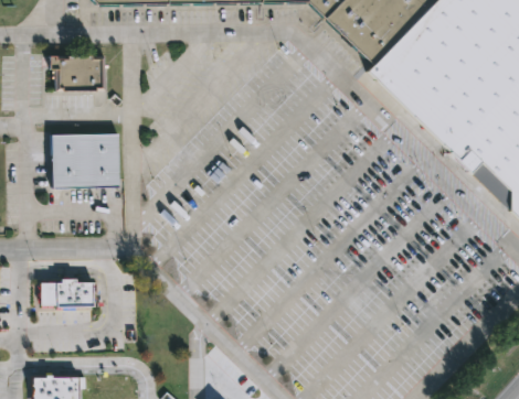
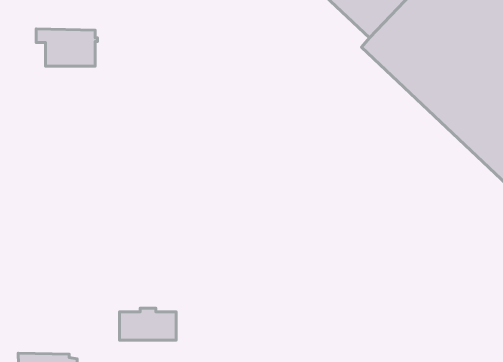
building: [51,134,120,188] -> none
building: [41,280,96,311] -> [120,308,176,340]

